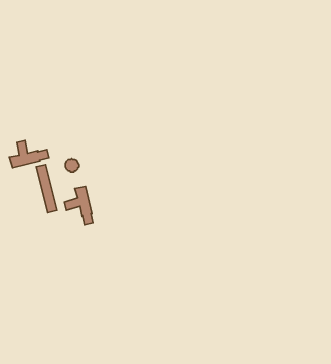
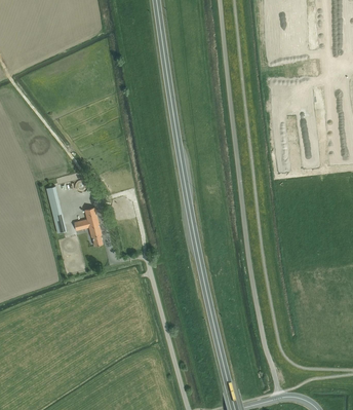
building: [9,140,49,168] -> none

